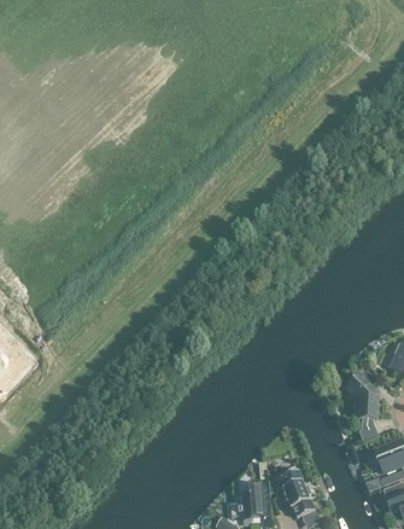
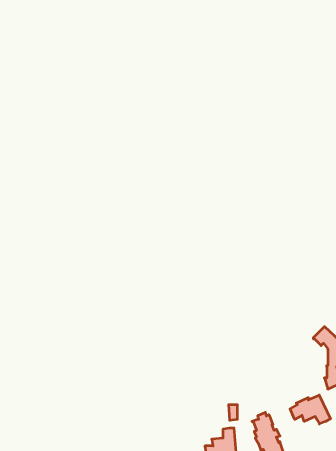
building: none -> [290,395,330,424]

